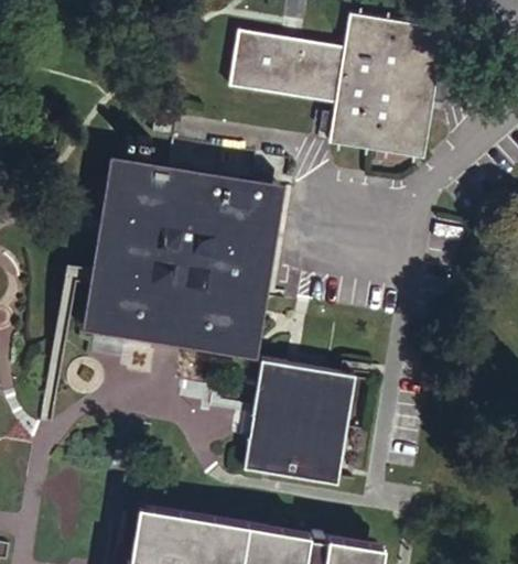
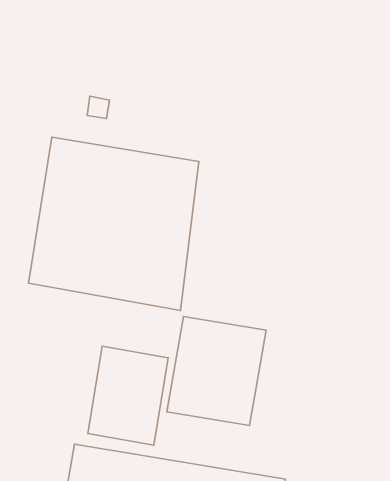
building: [230,15,445,159] -> none
building: none -> [88,346,168,445]

